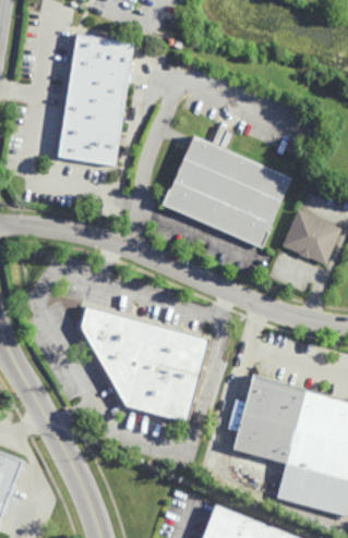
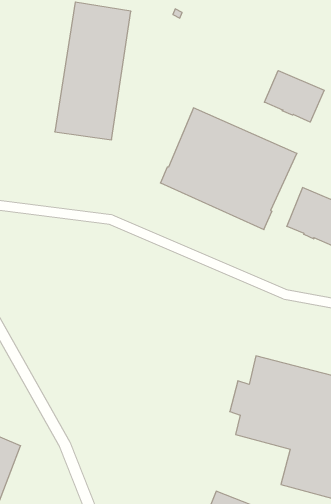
building: none -> [264,71,324,122]
building: [83,311,208,419] -> none

